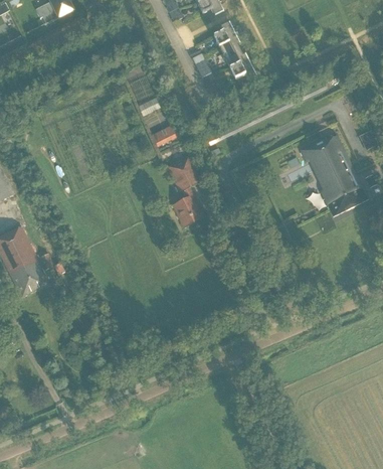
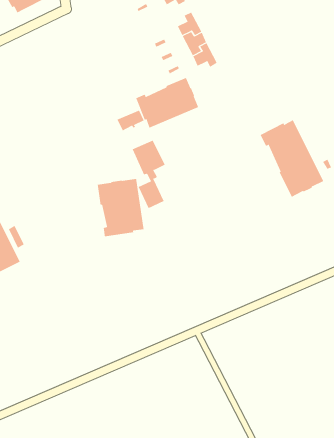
building: none -> [135,77,199,128]
building: none -> [97,178,144,237]

